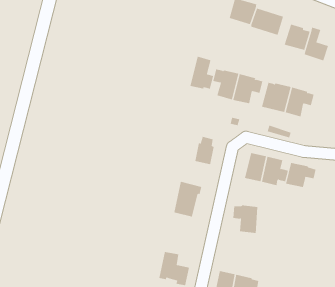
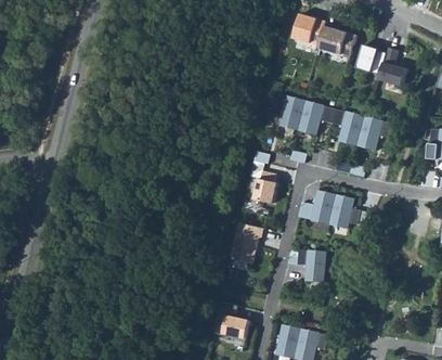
building: [190,56,214,90] -> none
building: [285,162,316,188] -> none

